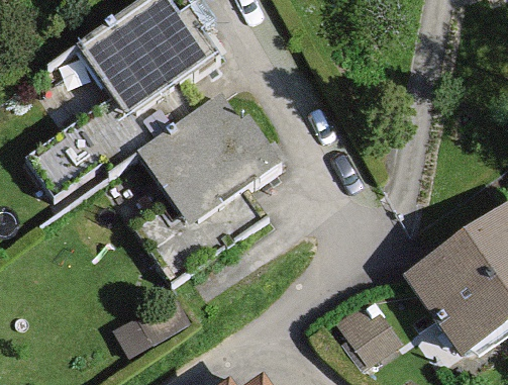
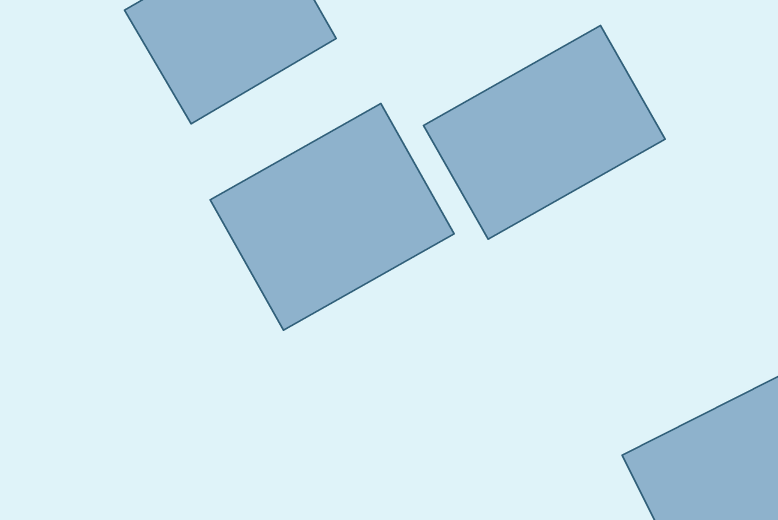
building: none -> [423,25,665,239]

